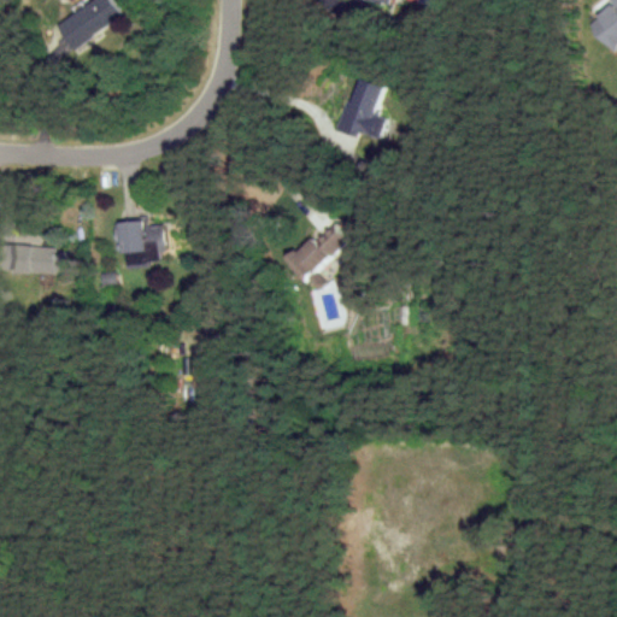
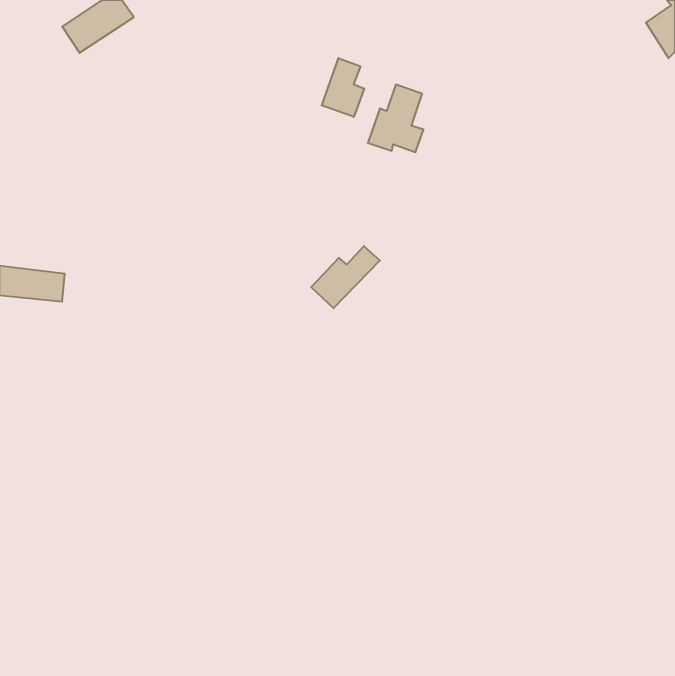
building: none -> [322,58,364,117]
building: [112,219,163,265] -> none

